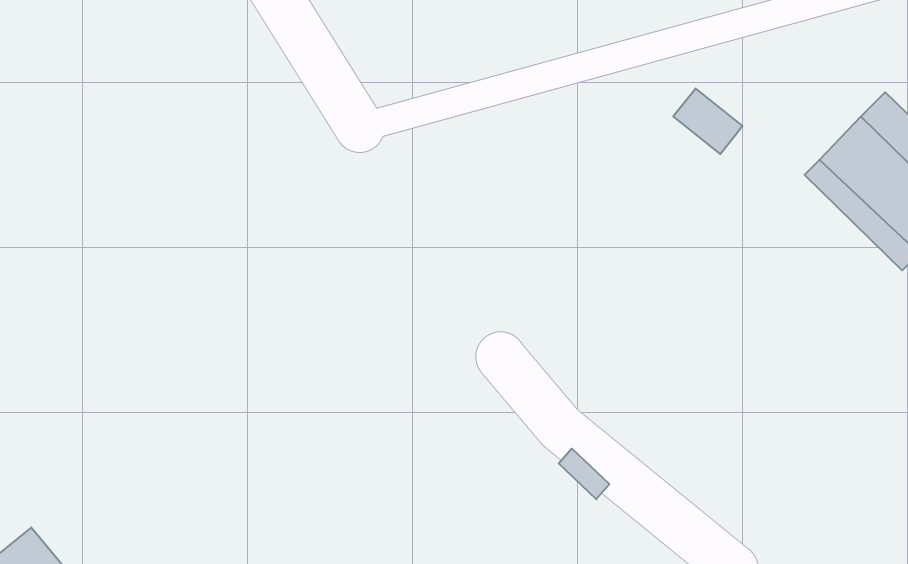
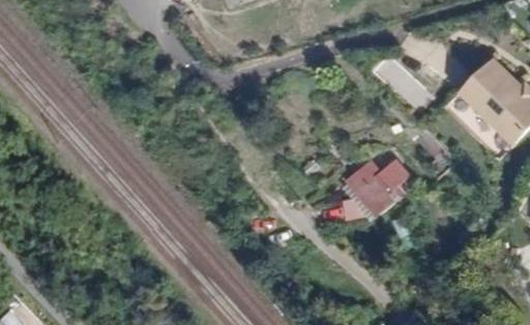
building: none -> [351,157,410,212]

